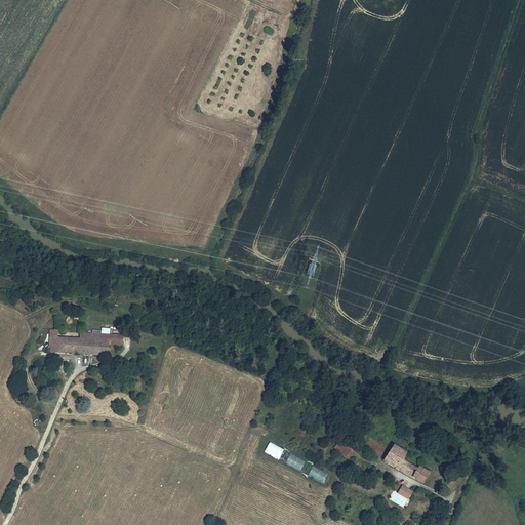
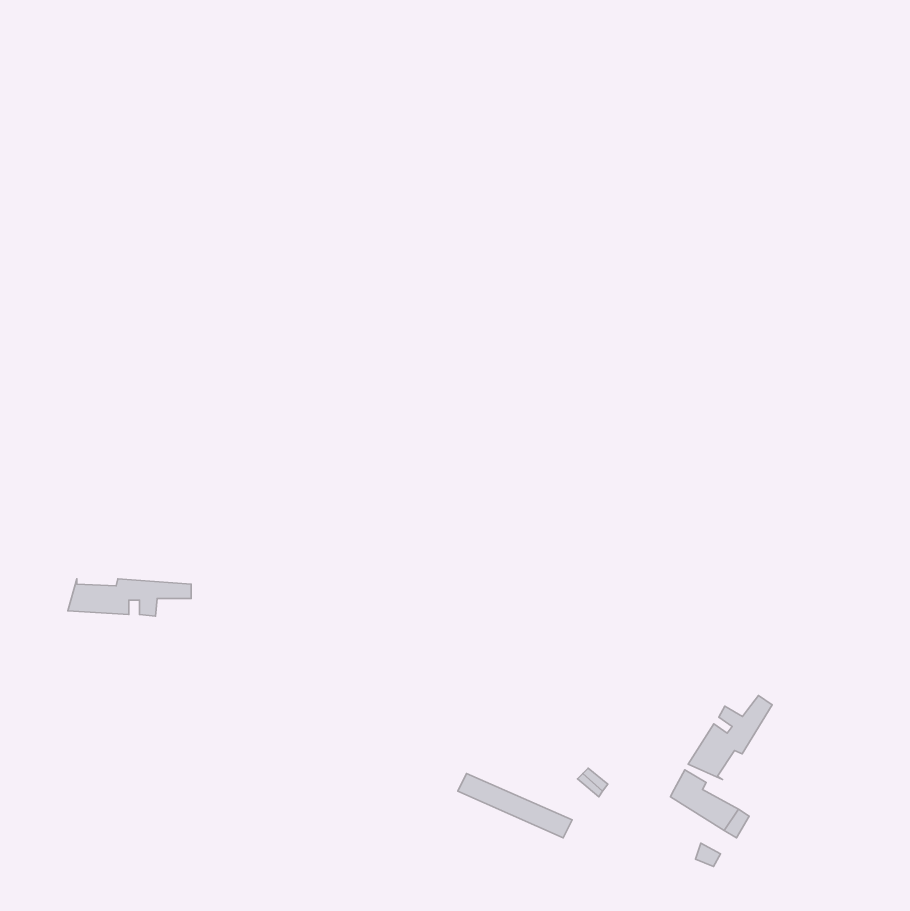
building: none -> [688,695,772,779]

